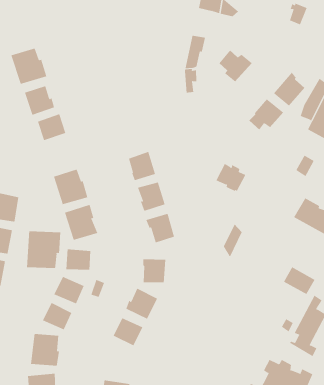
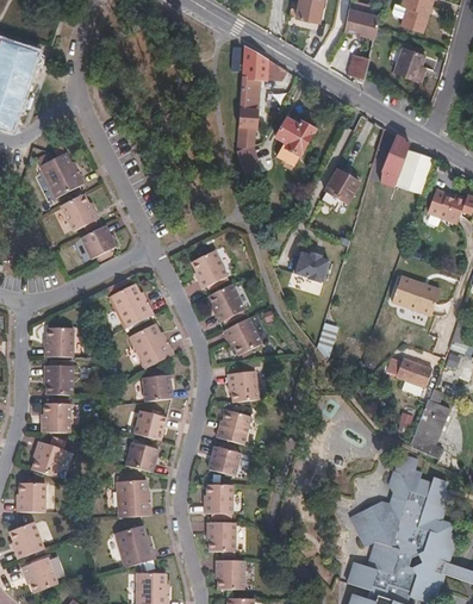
building: none -> [243,76,262,108]
building: [273,72,305,106] -> none
building: [26,231,61,269] -> none
building: none -> [201,484,232,512]

